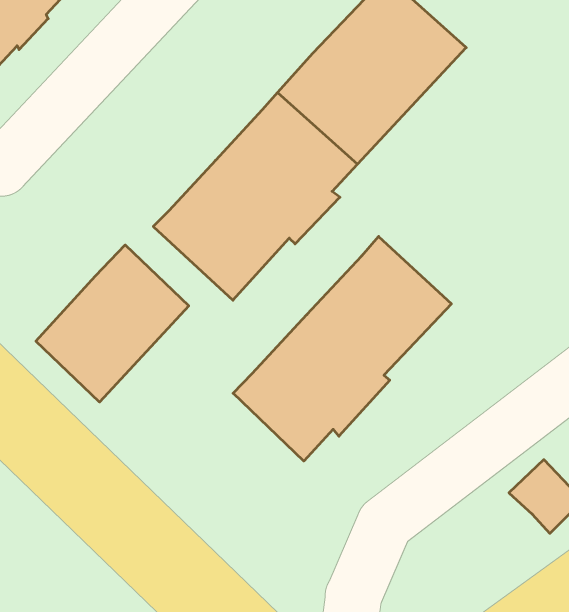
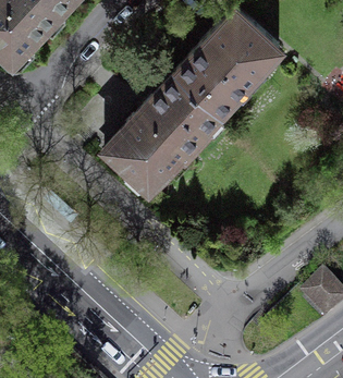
building: [233,236,451,461] -> none
building: [36,245,189,402] -> none

